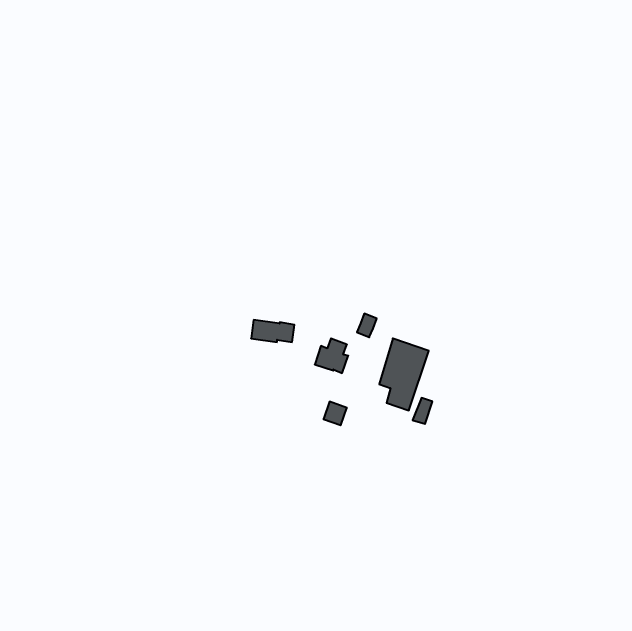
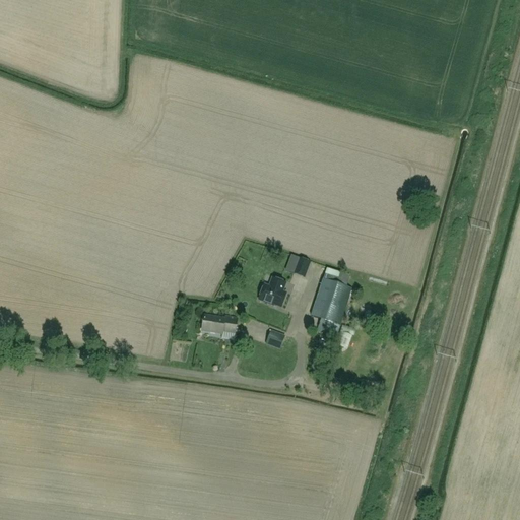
building: [251,320,294,342] -> [201,314,237,332]

